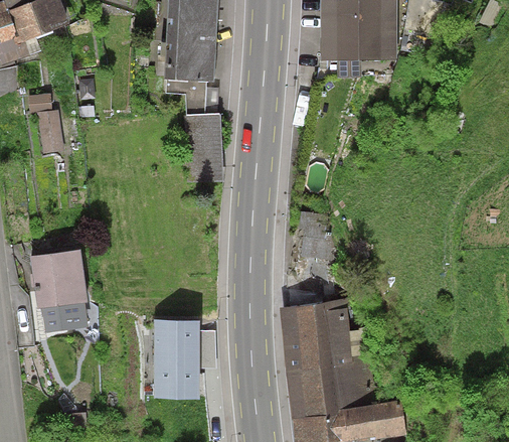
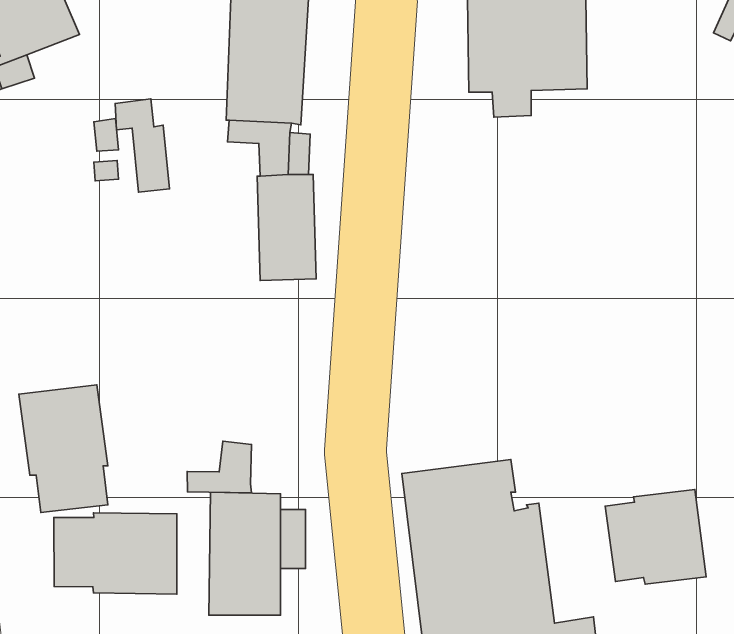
building: [27,93,62,153] -> [115,99,170,192]
building: none -> [187,441,252,493]
building: none -> [605,489,706,584]
building: none -> [54,513,177,594]

